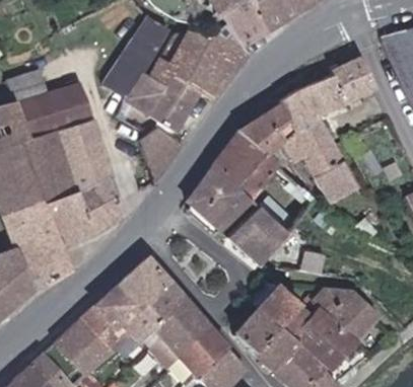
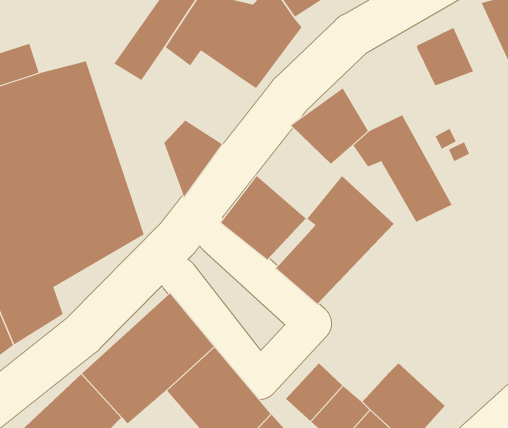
building: [124,71,200,131] -> none
building: [277,73,346,134] -> none
building: [212,130,276,200] -> none
building: [314,283,372,340] -> none
building: [259,286,312,337] -> none

